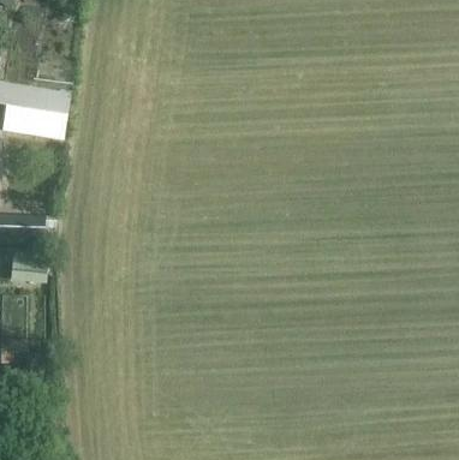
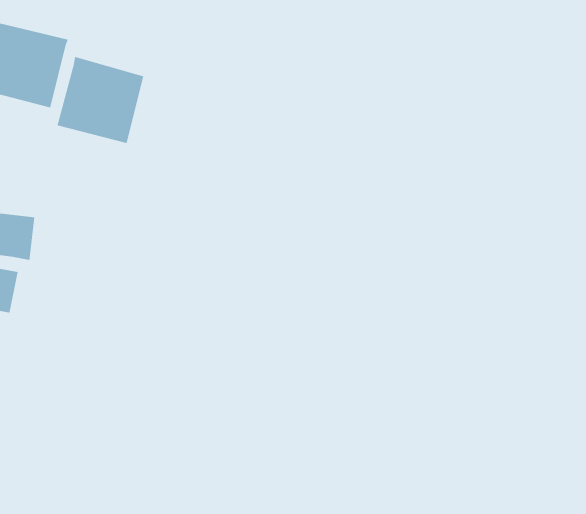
building: none -> [57,56,144,144]

